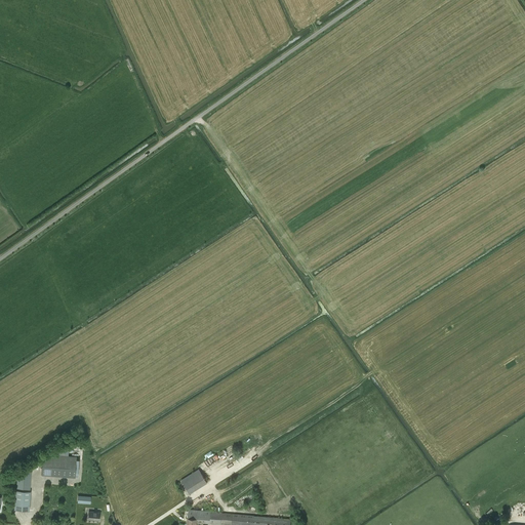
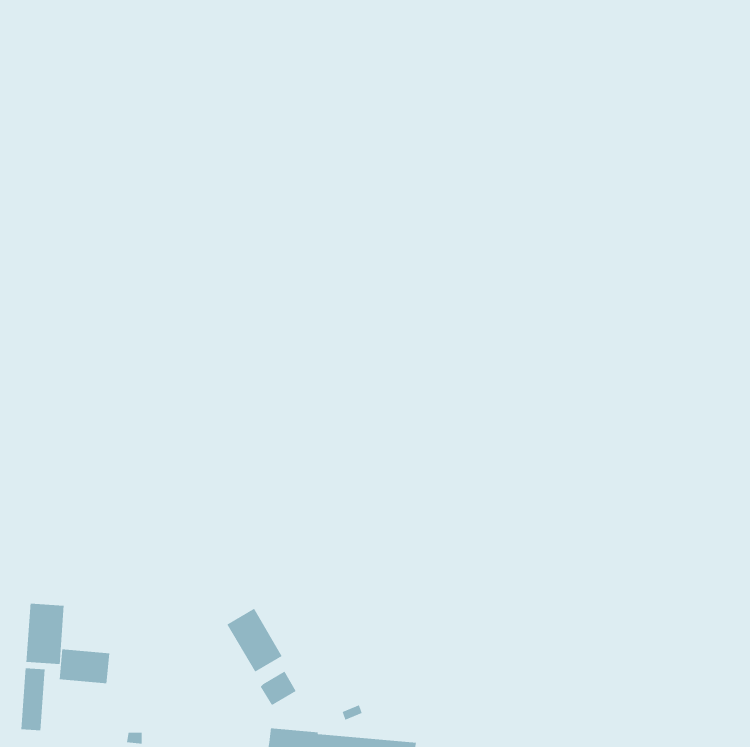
building: none -> [26,603,64,665]
building: none -> [227,608,282,673]

